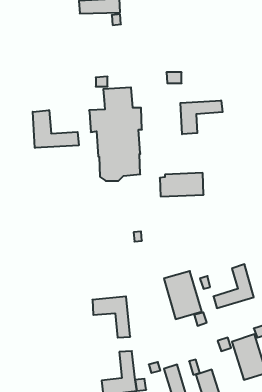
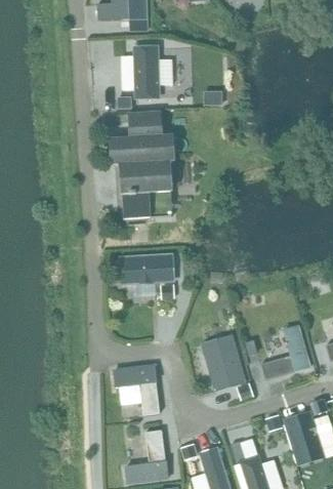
building: none -> [134,45,159,97]
building: [180,100,223,134] -> none
building: [33,110,79,148] -> none
building: [160,173,204,196] -> [120,254,173,283]

